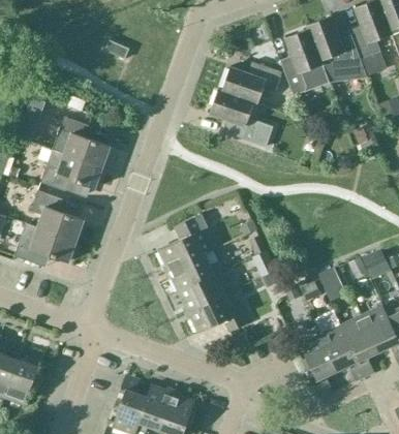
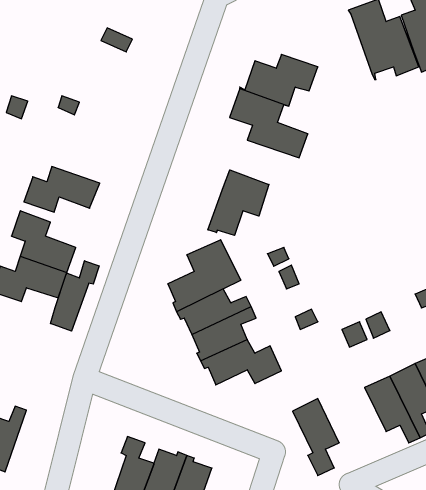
building: [280,29,326,95] -> none
building: [56,117,110,167] -> none
building: none -> [208,170,269,235]
building: none -> [51,261,99,331]
building: [299,335,337,398] -> [293,399,339,476]

